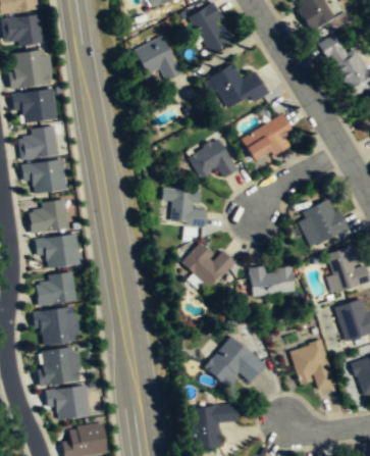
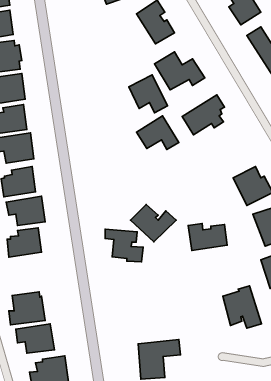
building: [136,36,181,81] -> [129,75,168,113]
building: [163,189,208,227] -> [105,229,143,262]
building: [33,306,76,345] -> none
building: [205,337,266,390] -> none

